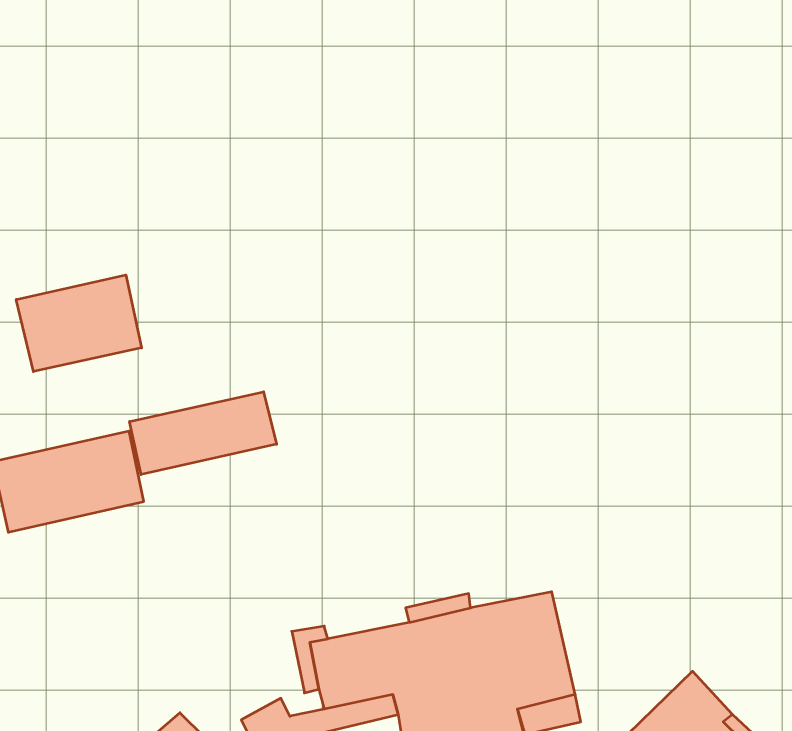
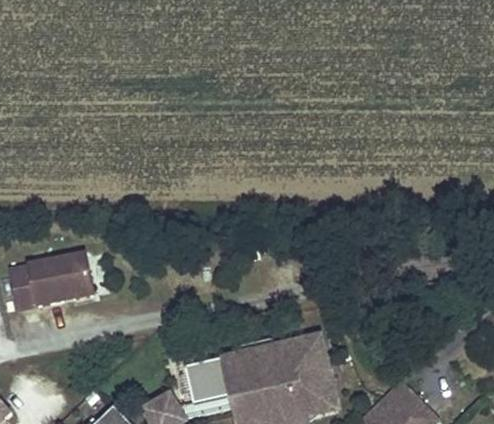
building: [16,275,142,372] -> none
building: [130,392,277,475] -> none

